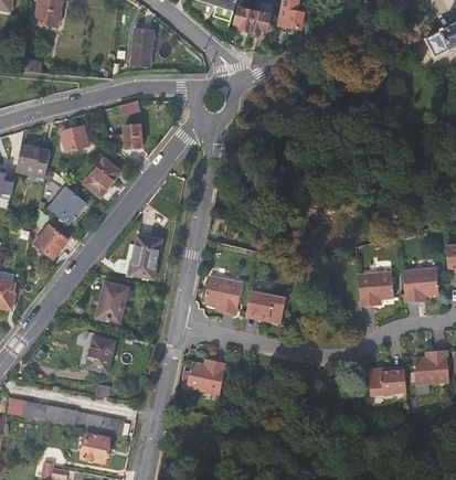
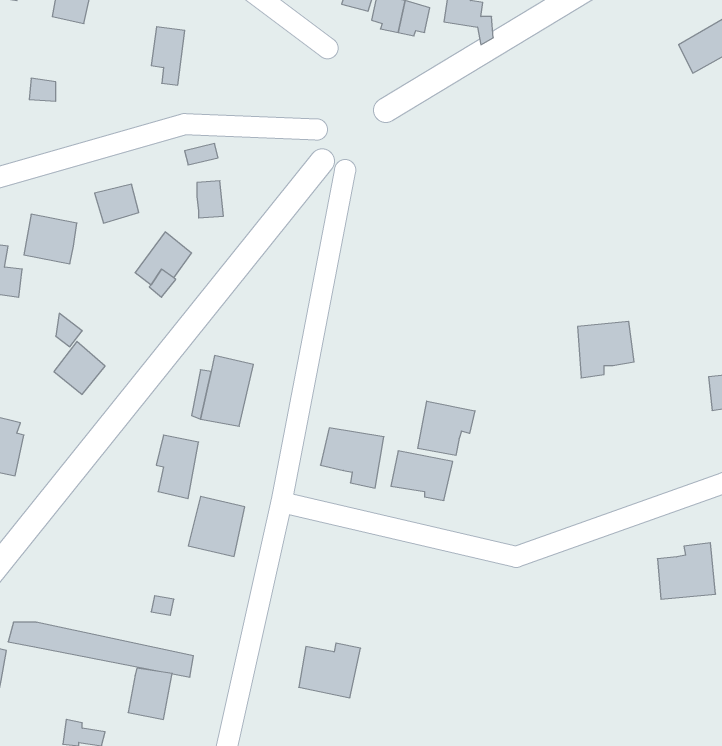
building: [131,28,152,64] -> [151,27,185,85]
building: [50,188,84,223] -> none
building: none -> [418,401,475,455]
building: [403,268,438,302] -> none
building: [358,271,393,307] -> [578,321,634,378]
building: [78,334,114,372] -> [188,496,245,556]
building: [187,361,225,395] -> [299,643,361,698]
building: [367,369,406,395] -> none

